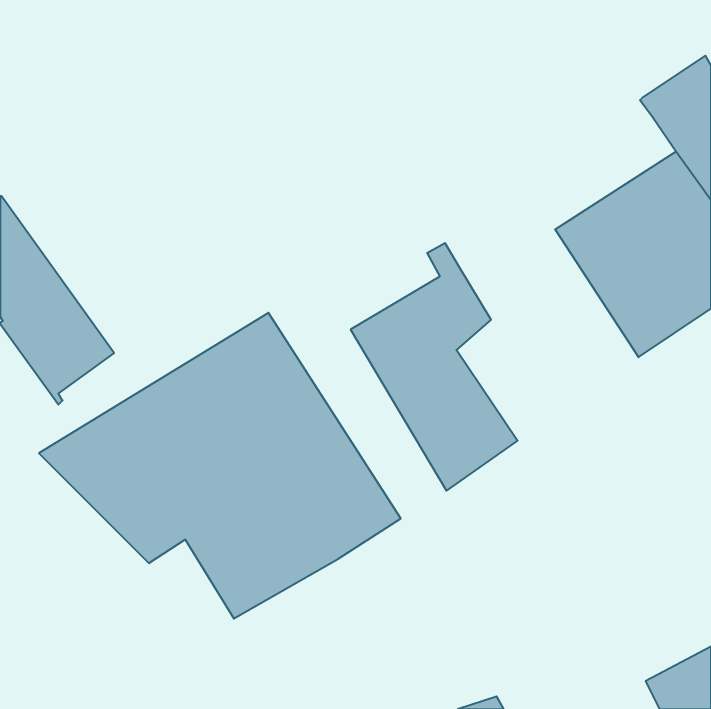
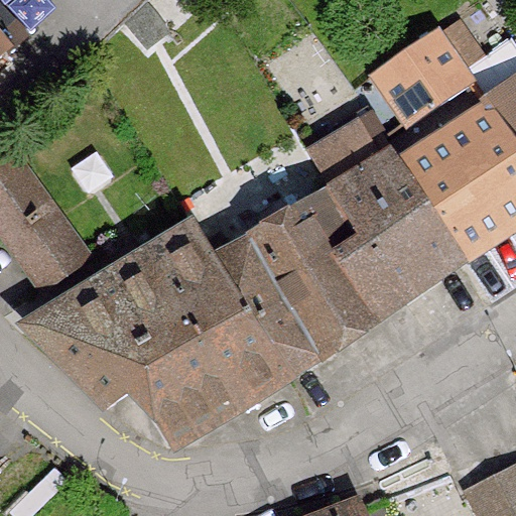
building: none -> [371,32,473,128]
building: none -> [309,108,463,319]
building: none -> [195,226,324,376]

